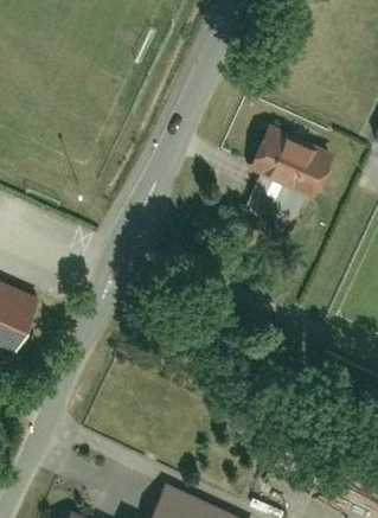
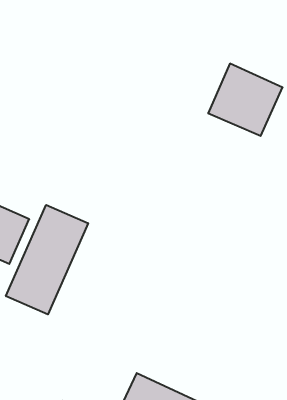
building: none -> [6,205,88,314]

